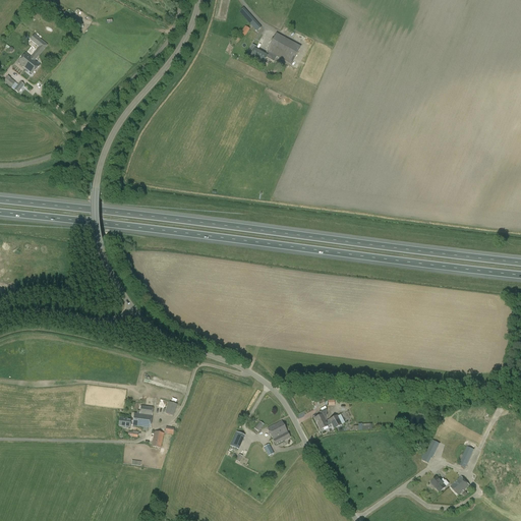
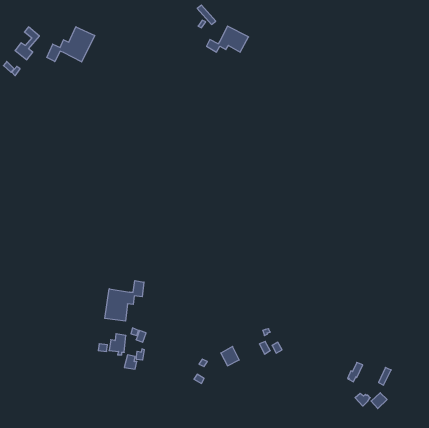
building: none -> [47,27,95,62]
building: none -> [105,281,144,321]

